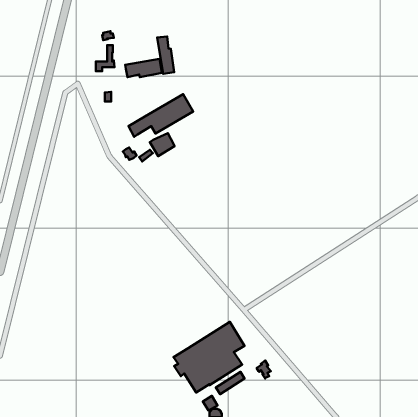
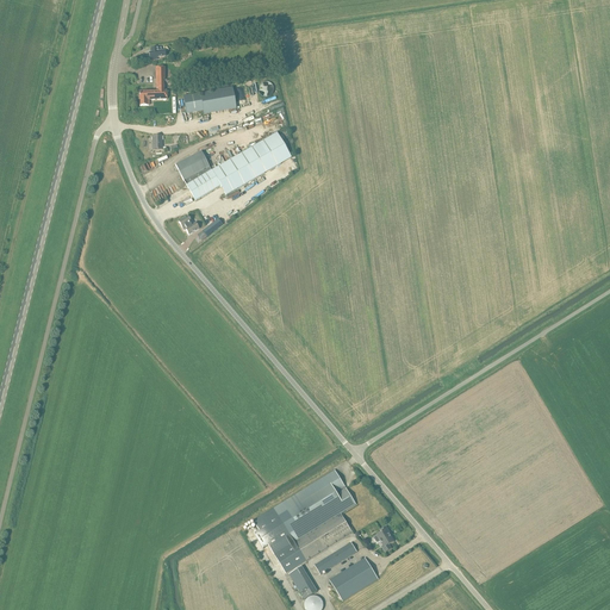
building: [157,36,174,74] -> none
building: [150,133,174,156] -> [175,150,211,183]
building: none -> [330,556,378,599]

